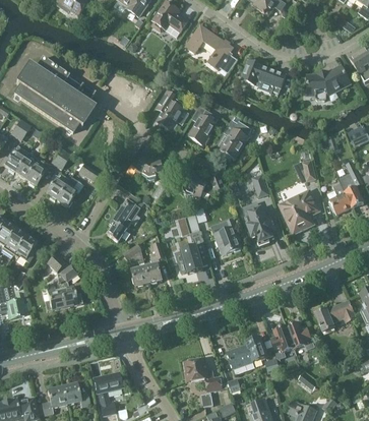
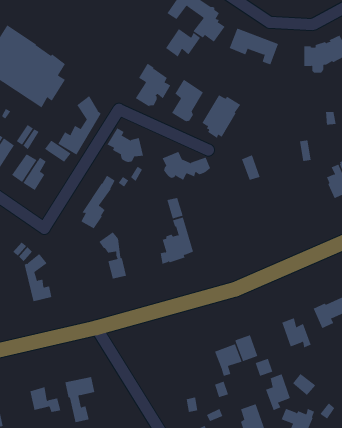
building: none -> [164,28,201,57]
building: none -> [58,95,102,155]
building: [282,190,318,231] -> none
building: [249,207,278,243] -> none
building: [214,218,241,254] -> none
building: [145,241,165,283] -> none
building: [45,277,65,310] -> none
building: [272,323,296,357] -> [265,374,291,411]
building: [186,359,228,389] -> none
building: [42,386,66,414] -> none

